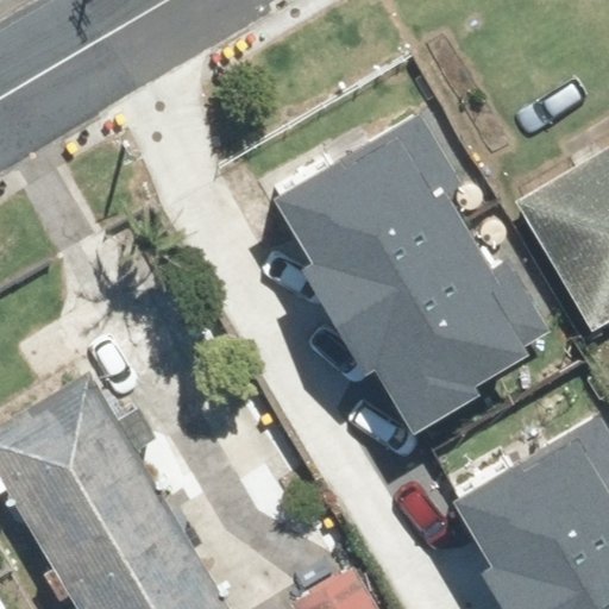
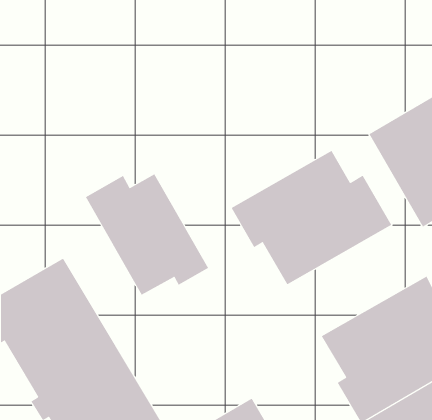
building: [270,103,467,310] -> none
building: none -> [85,174,209,296]

